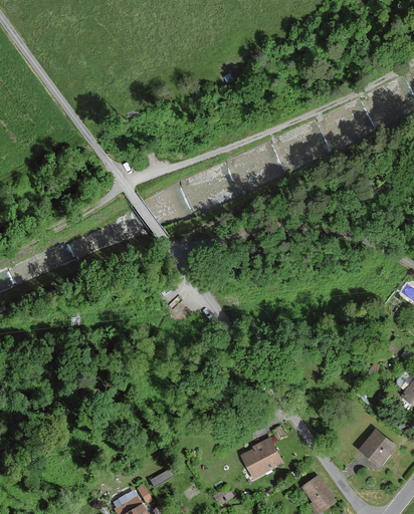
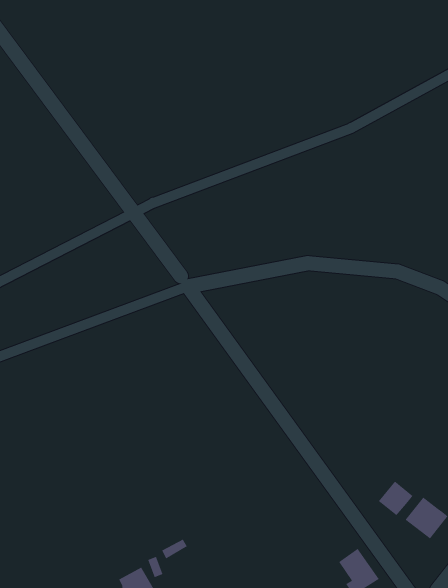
building: none -> [378,481,414,516]
building: [240,438,281,478] -> none

